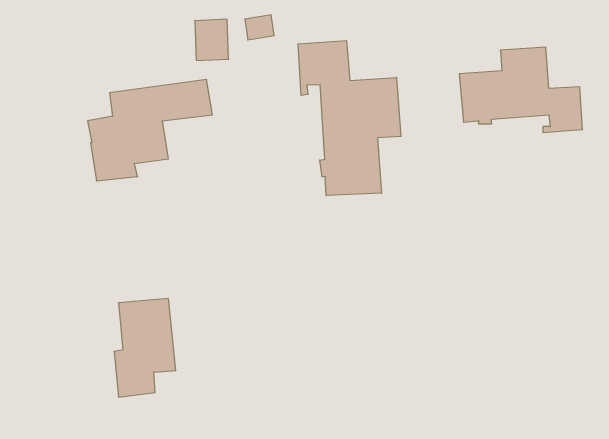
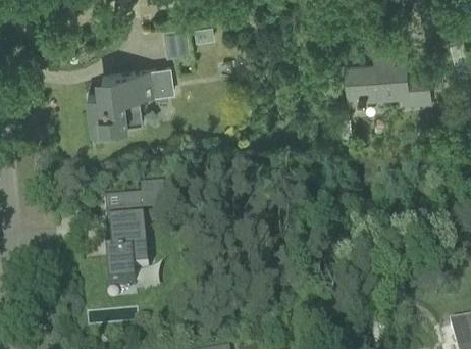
building: [298,41,401,196] -> none
building: none -> [107,184,163,213]

